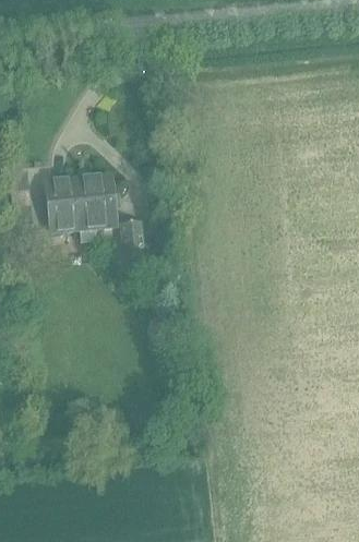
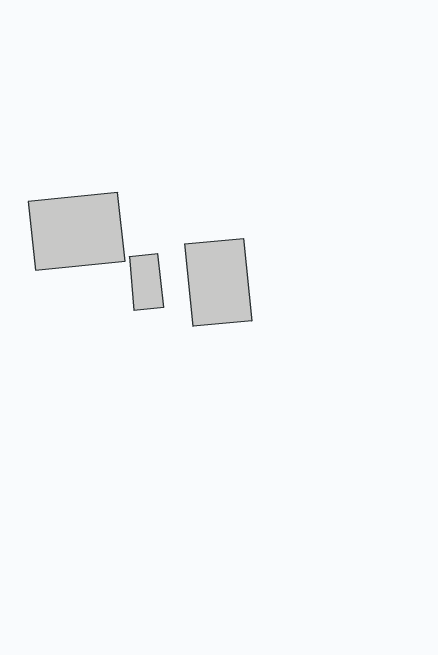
building: none -> [185,239,252,326]

